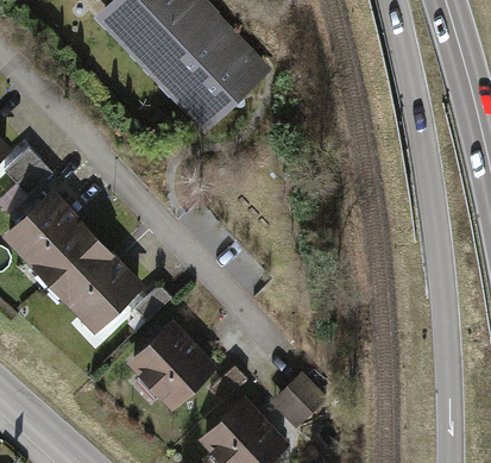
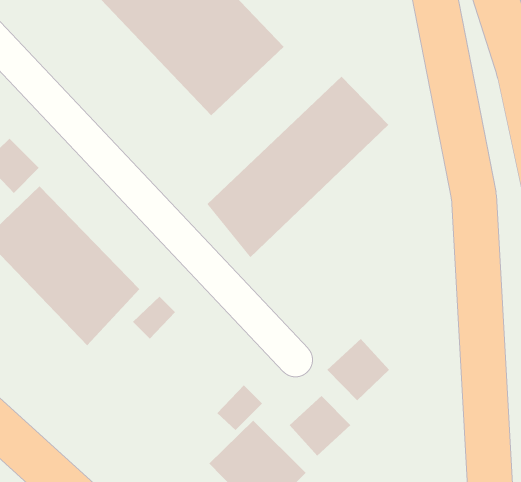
building: none -> [206,76,389,258]
building: [126,320,219,412] -> none
building: none -> [327,338,390,401]

